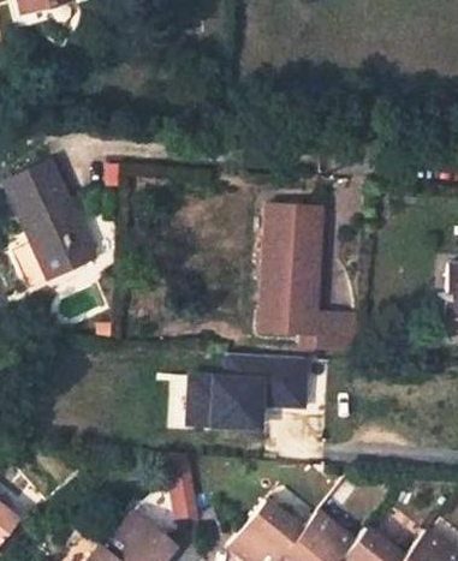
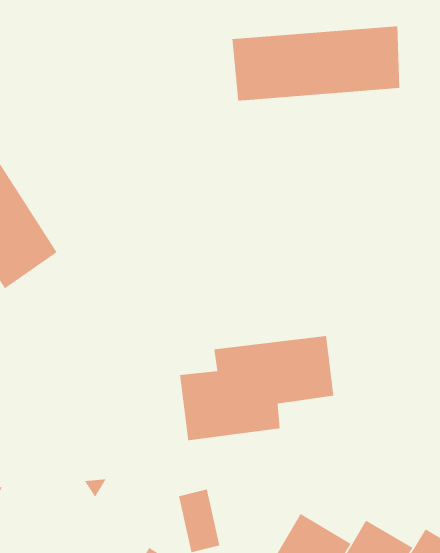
building: none -> [232,25,400,102]
building: [261,203,356,350] -> none

